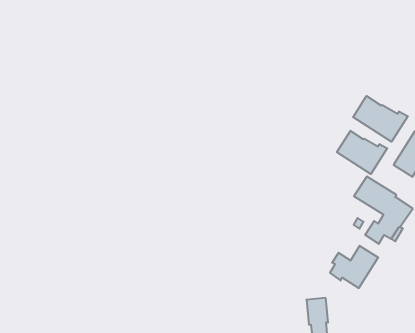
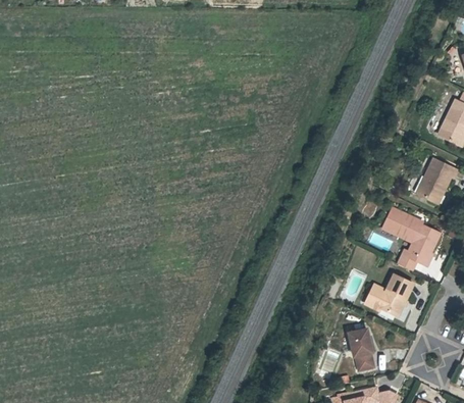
building: [353,96,408,142] -> none
building: [337,131,387,174] -> none

